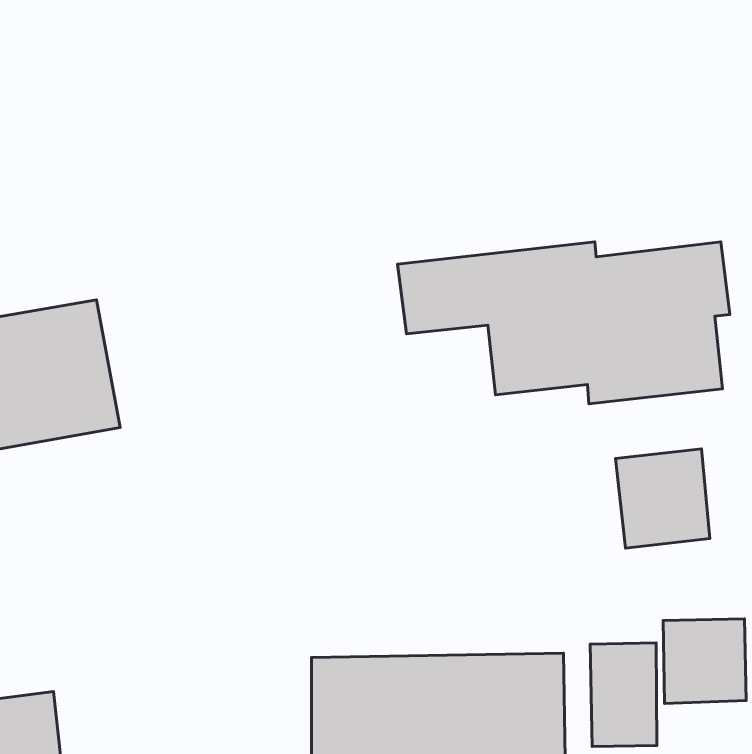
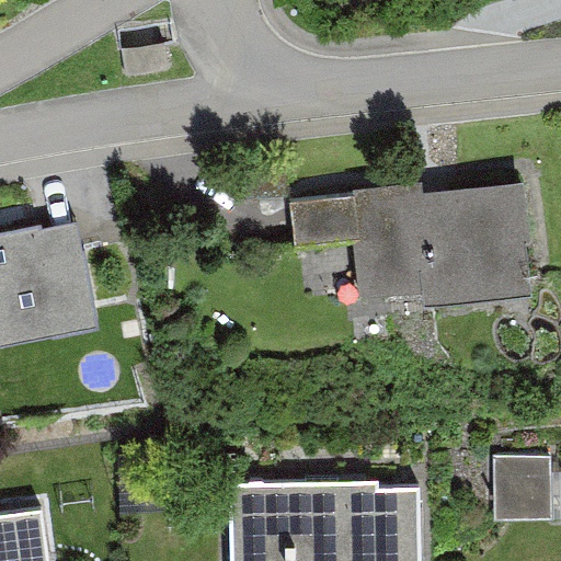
building: [615,449,710,548] -> none
building: [590,643,657,747] -> none

